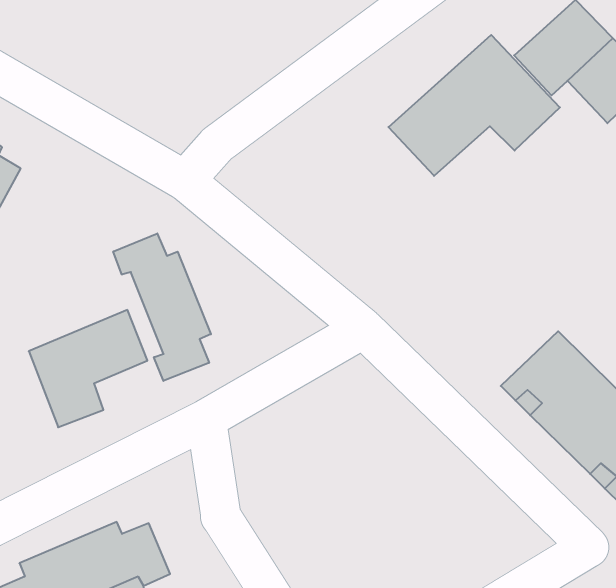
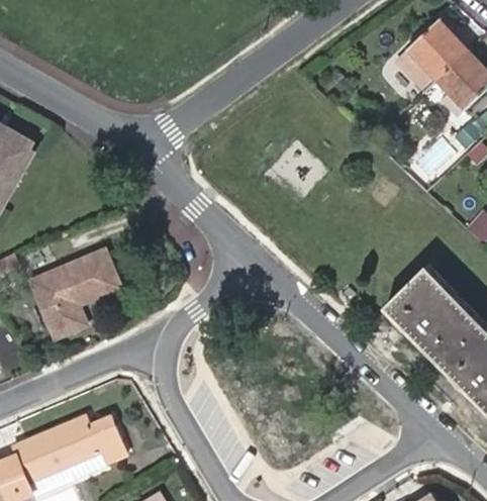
building: [388,35,560,176] -> none
building: [113,233,211,381] -> none

